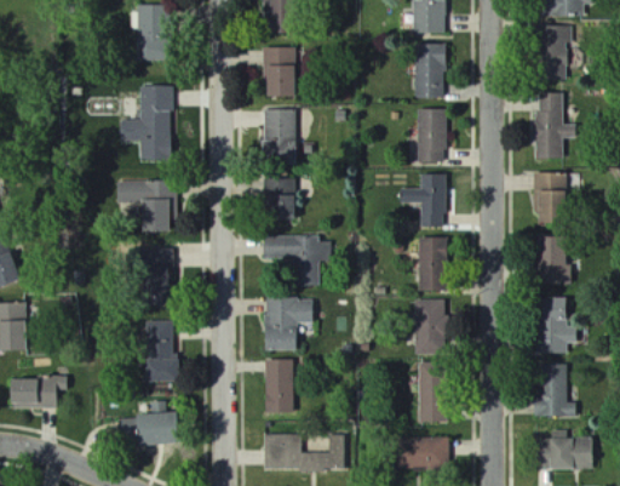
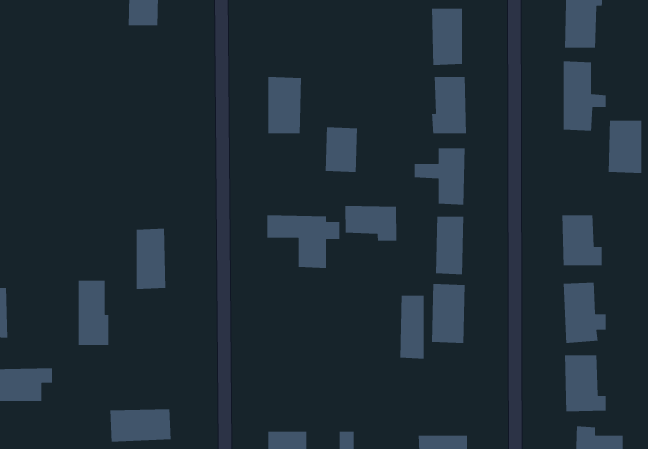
building: [263,48,294,95] -> none
building: [120,87,172,159] -> none
building: [533,172,564,222] -> [608,120,642,174]
building: [263,177,293,219] -> [325,127,358,173]
building: [116,179,176,230] -> none
building: none -> [345,205,397,242]
building: [262,297,312,349] -> none
building: [148,320,177,381] -> [78,280,109,346]
building: [264,359,293,412] -> none
building: [418,362,441,422] -> [399,295,425,359]

